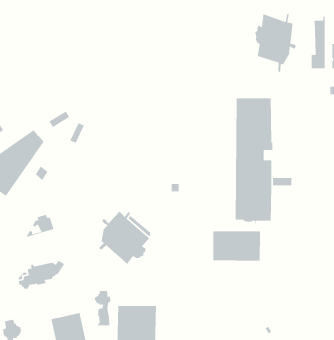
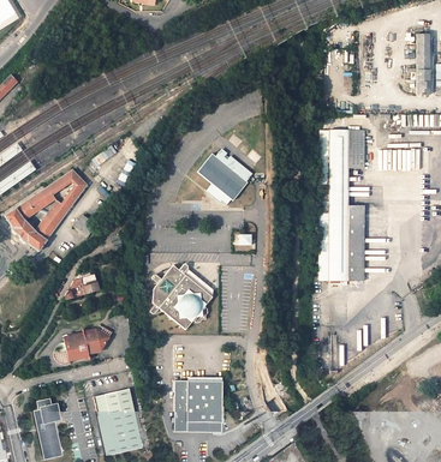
building: [255,13,296,73] -> none
building: none -> [198,150,251,204]
building: [212,230,261,261] -> none
building: [94,290,111,326] -> none

